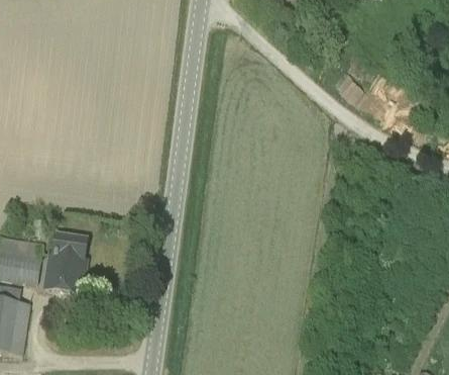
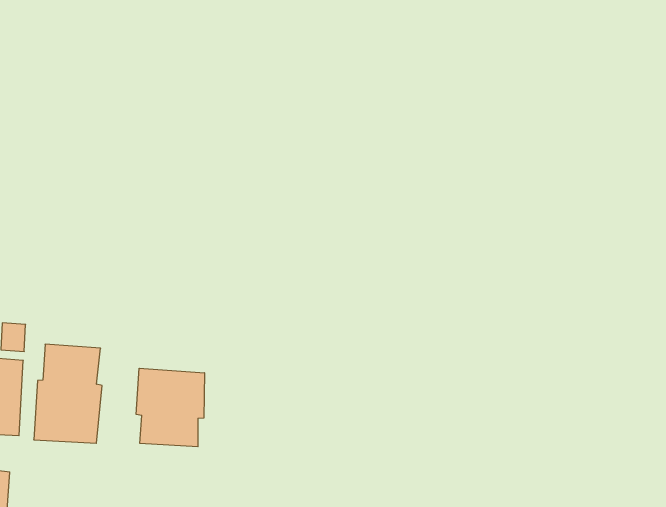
building: none -> [136,368,204,447]

